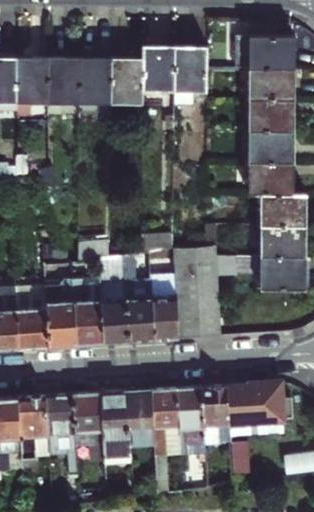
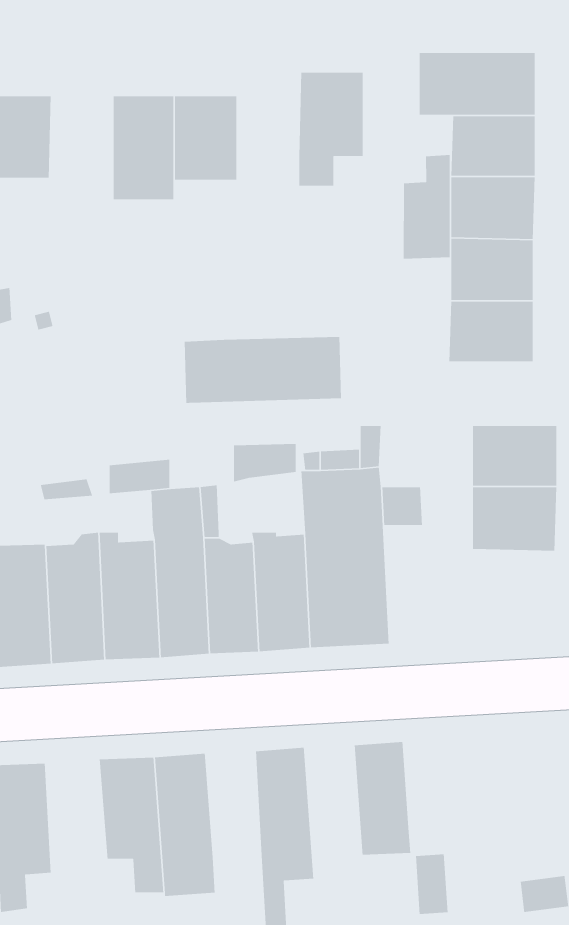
building: [142,47,174,90] -> none
building: [47,59,79,102] -> none
building: none -> [403,154,451,259]
building: none -> [184,336,342,404]
building: [261,194,304,226] -> none
building: [226,384,292,430] -> none
building: [176,388,206,464] -> none
building: [126,391,154,445] -> none
building: [45,395,78,475] -> none

